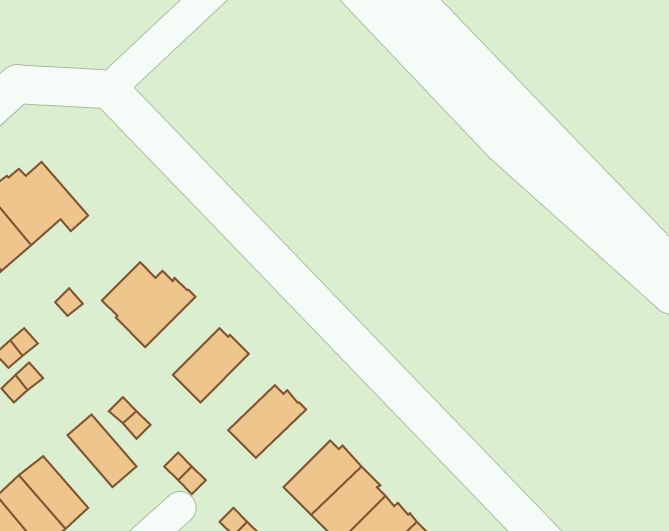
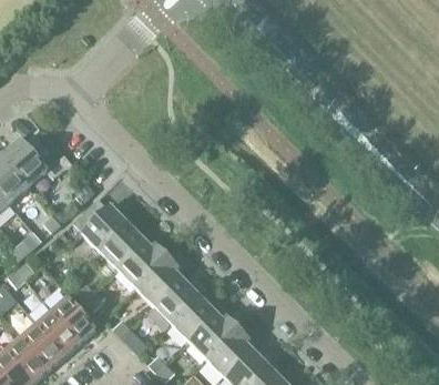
building: none -> [101,221,149,271]
building: none -> [136,257,184,306]
building: none -> [172,293,220,343]
building: none -> [35,310,80,356]

